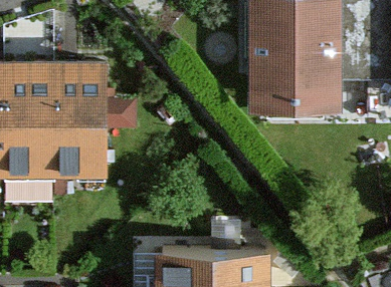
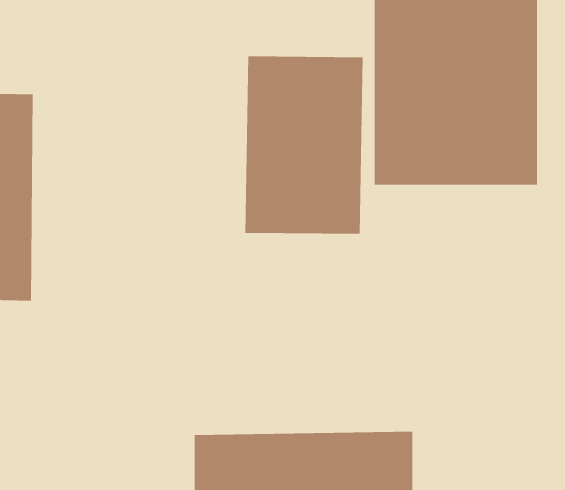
building: none -> [245,56,363,235]
building: [54,63,106,181] -> none

